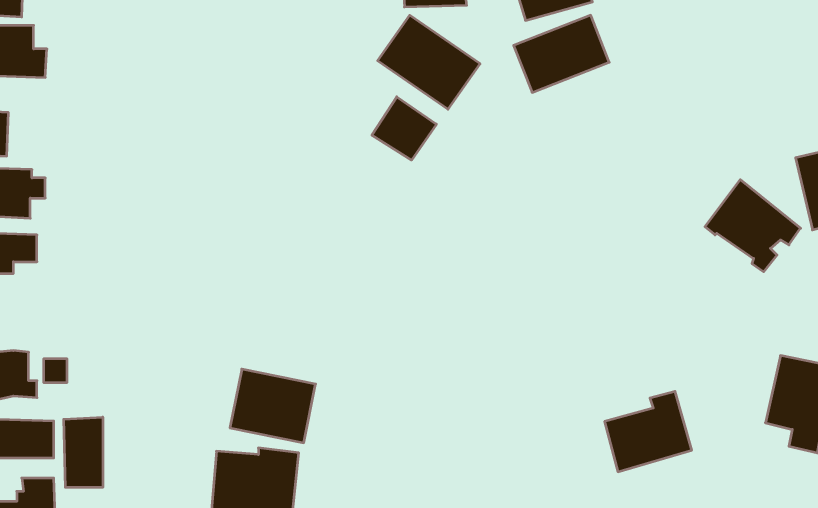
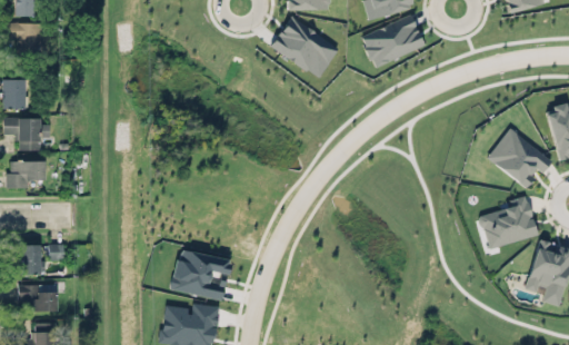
building: [372,97,436,160] -> none
building: [605,391,692,472] -> [480,197,538,250]
building: [64,417,103,487] -> none

